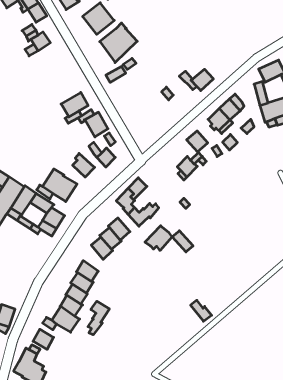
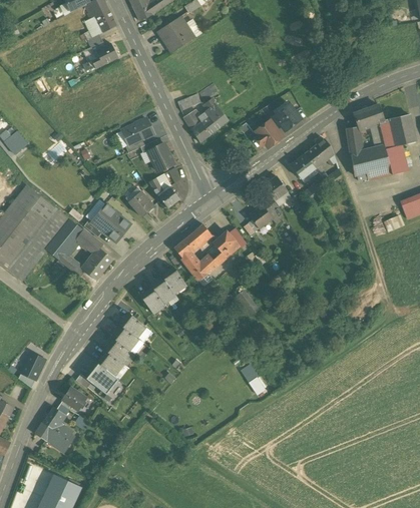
building: [100,23,137,63] -> [184,97,228,142]
building: none -> [255,120,282,147]
building: [145,226,172,250] -> [206,232,239,261]
building: [88,301,109,335] -> none

